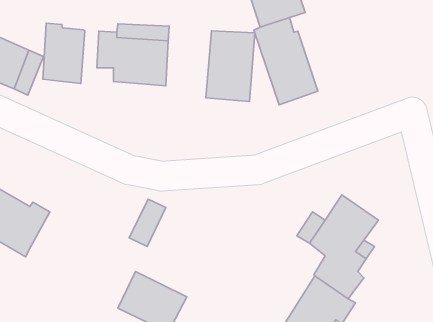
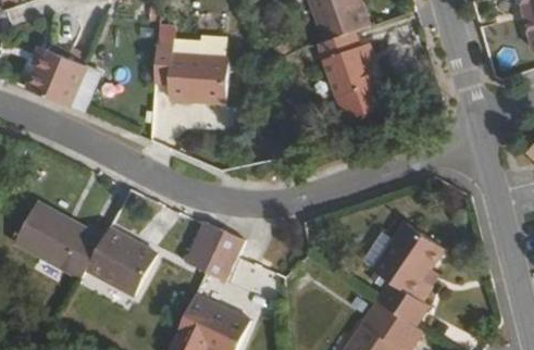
building: [43,23,85,83] -> none
building: [206,31,255,101] -> none
building: none -> [85,228,156,297]
building: none -> [206,229,245,279]

